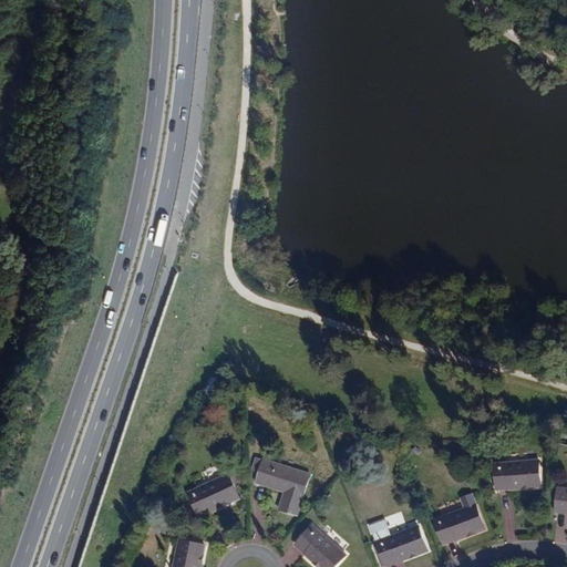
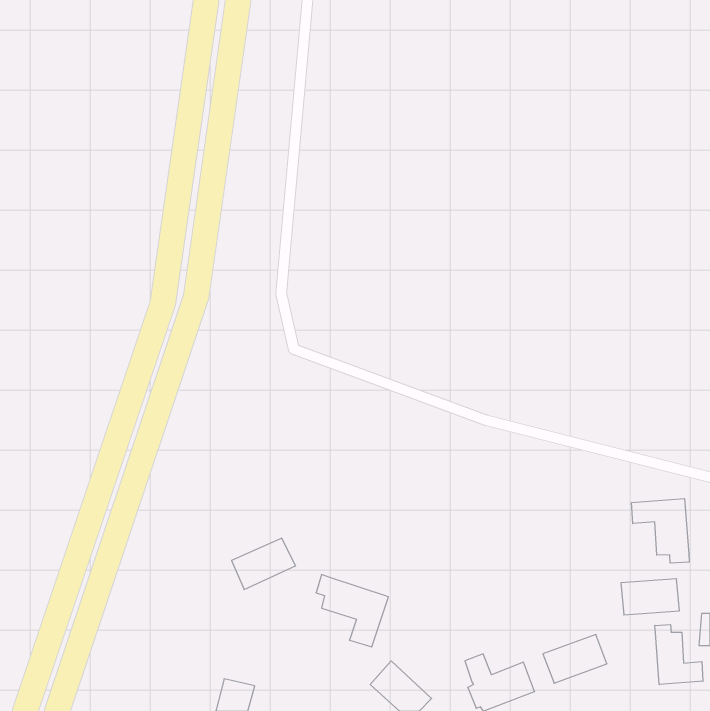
building: none -> [632,499,689,563]
building: [187,475,238,516] -> [232,538,296,590]
building: none -> [655,625,703,685]

